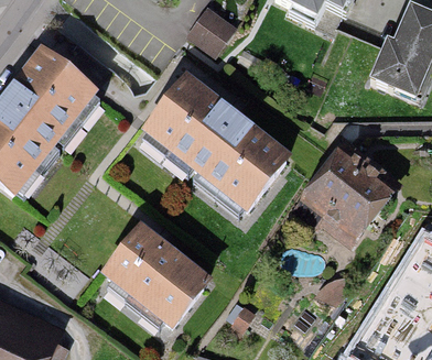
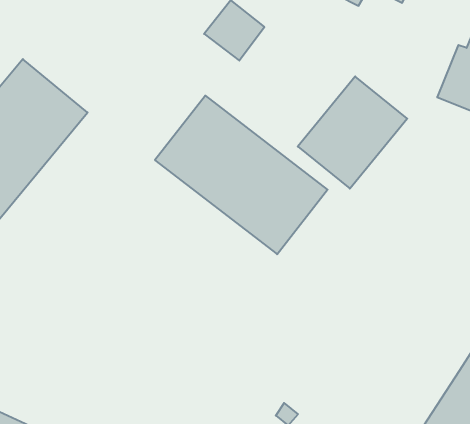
building: [305,150,391,238] -> [298,76,407,189]
building: [104,229,206,326] -> none

